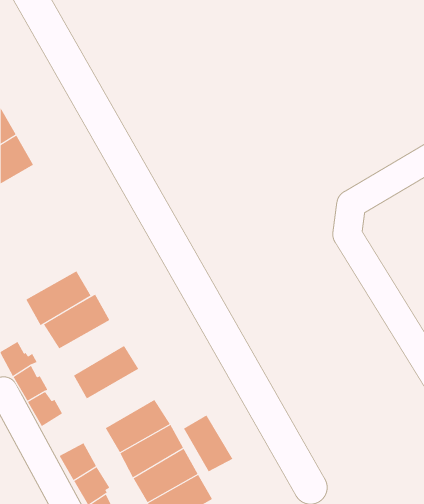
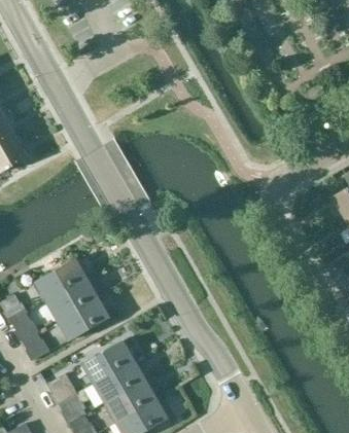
building: [26,270,91,326] -> [46,278,98,321]
building: [183,414,233,472] -> none

